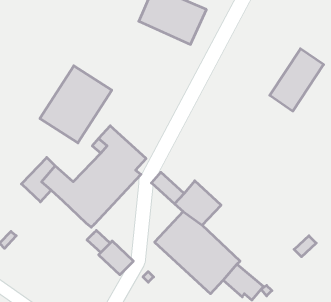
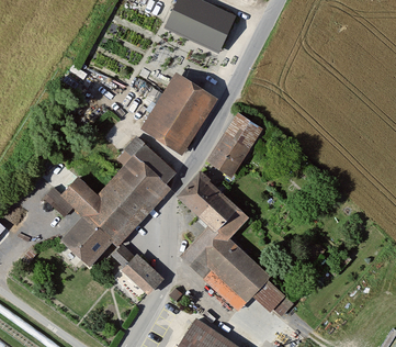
building: [270,49,324,111] -> [208,114,264,179]
building: [40,66,112,143] -> [142,74,216,154]
building: none -> [189,172,228,208]
building: none -> [64,215,111,264]

